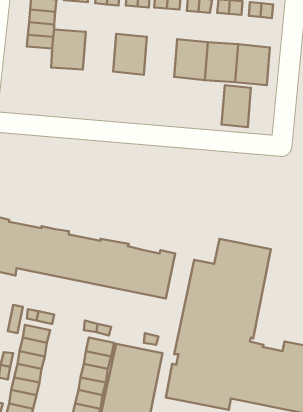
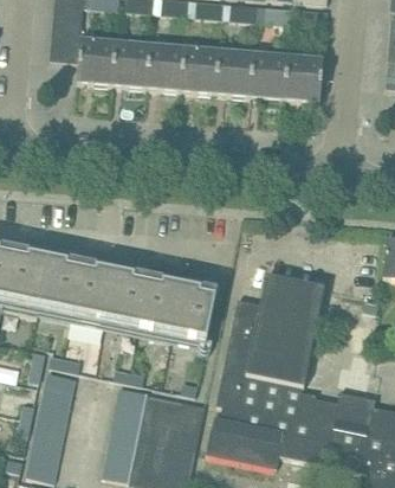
building: none -> [114,41,151,86]
building: none -> [182,47,220,92]
building: [222,85,251,127] -> none

